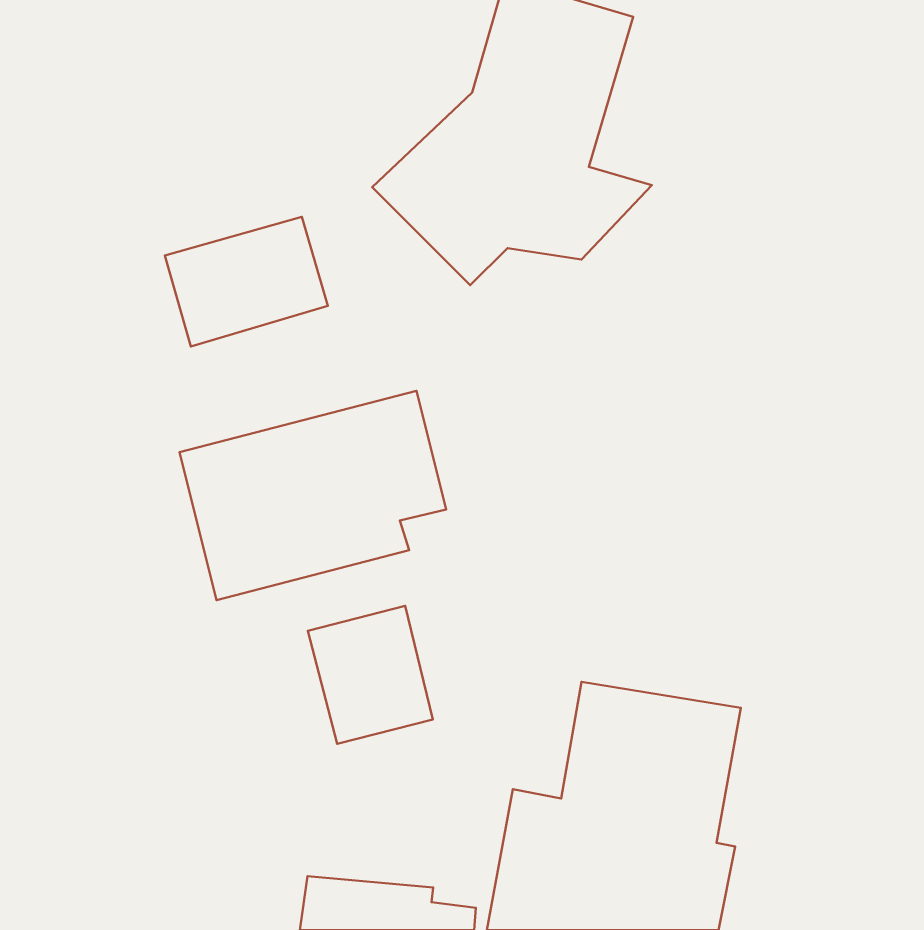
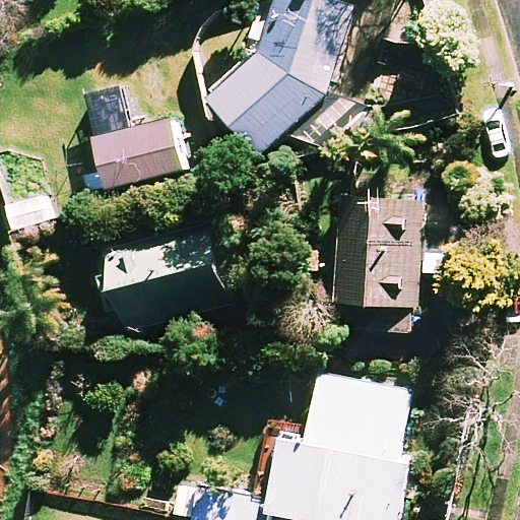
building: none -> [332,198,451,329]
building: [308,606,433,744] -> none

